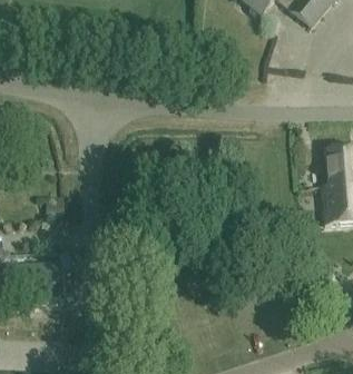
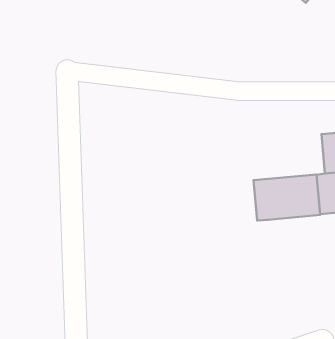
building: none -> [253,175,320,221]

